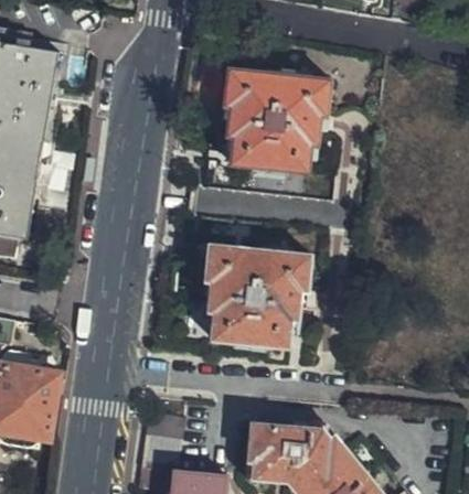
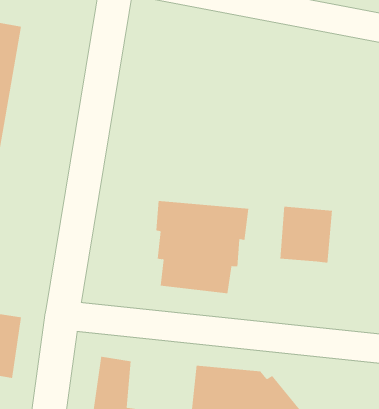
building: [225,67,329,171] -> none
building: none -> [280,206,333,263]

